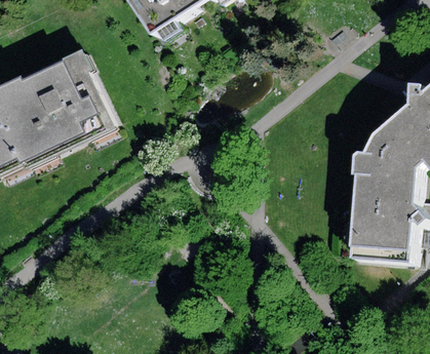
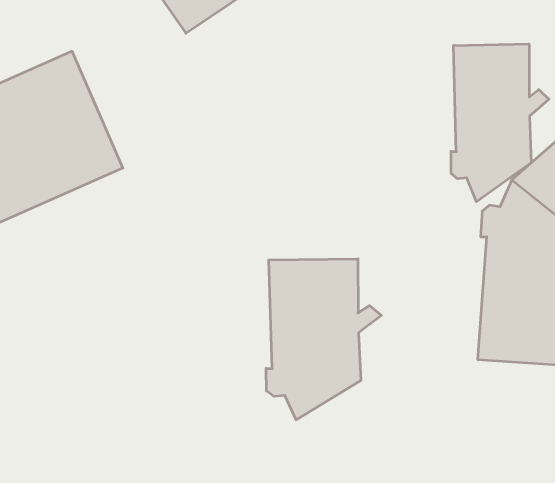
building: none -> [451,44,549,202]
building: none -> [266,259,381,420]

